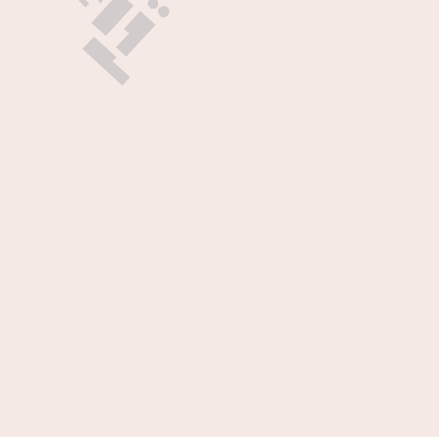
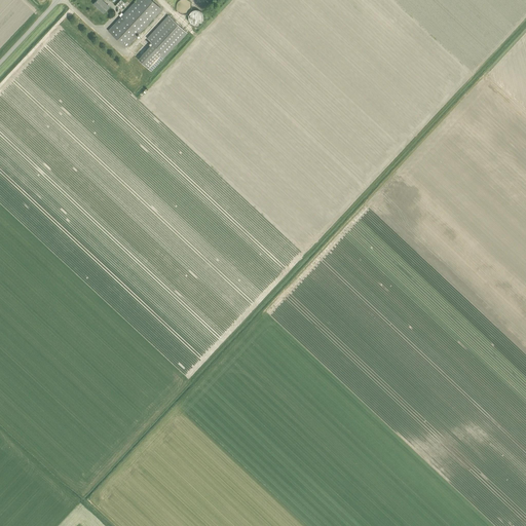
building: [82,36,131,86] -> none

